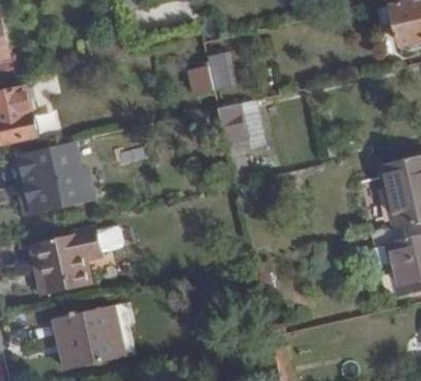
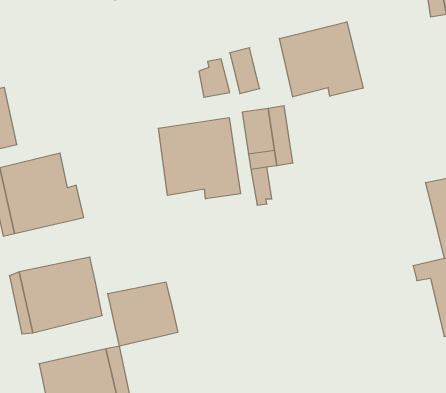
building: none -> [279,22,363,97]
building: none -> [158,118,240,199]
building: none -> [108,282,178,346]

